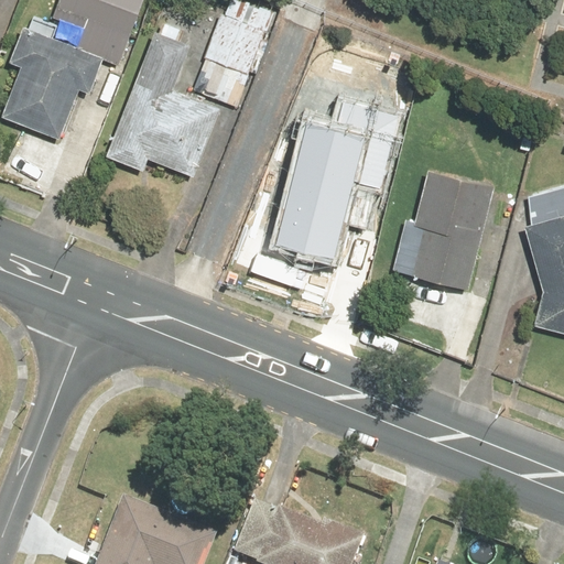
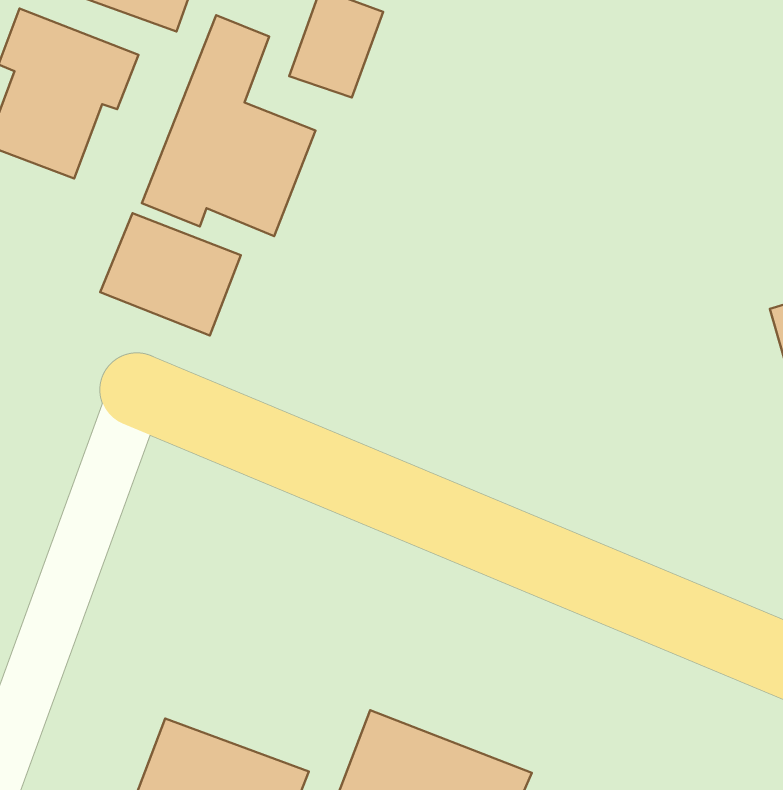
building: [295,91,387,245] -> none
building: none -> [100,213,241,336]
building: [411,170,494,290] -> none

